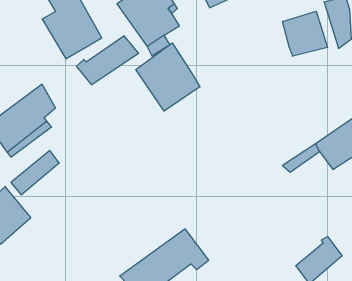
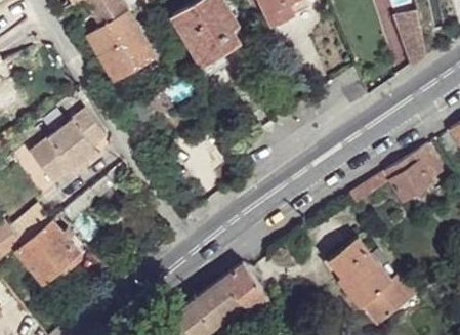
building: [282,11,328,56] -> none
building: [77,36,138,85] -> none
building: [136,43,200,111] -> none
building: none -> [328,237,393,307]

